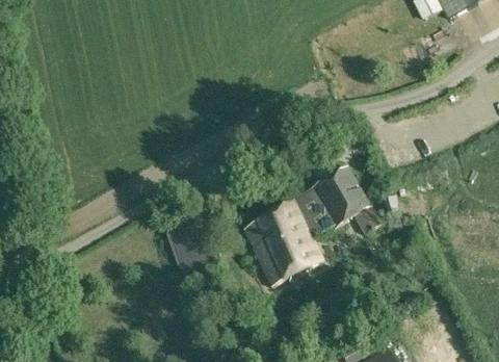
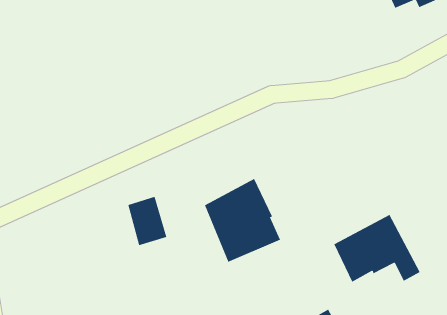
building: [291,165,380,236] -> [333,214,421,282]

